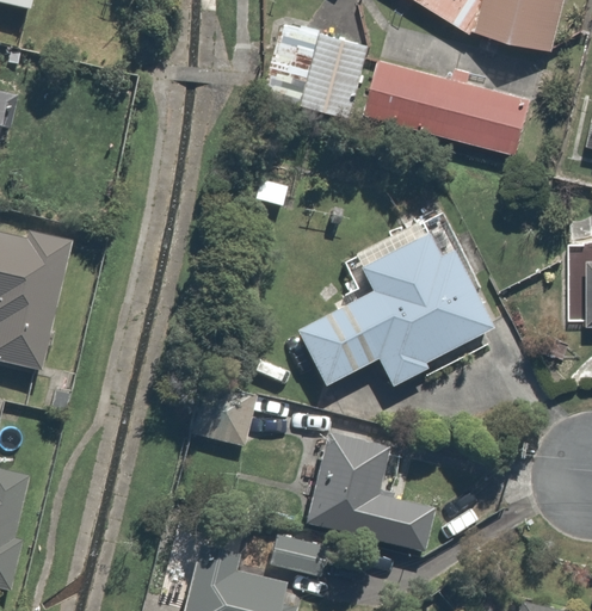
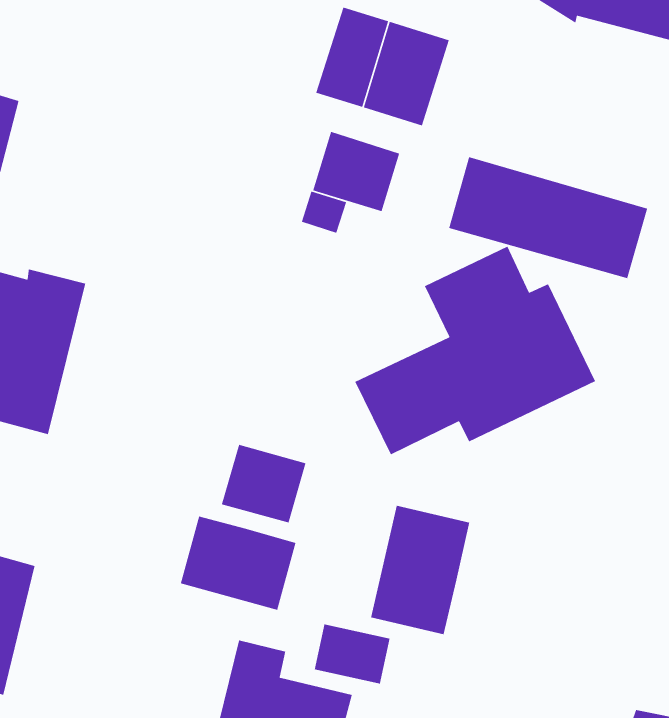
building: [365,56,530,158] -> [448,156,648,279]
building: none -> [312,131,400,212]
building: none -> [180,515,296,611]
building: [366,493,434,555] -> none

